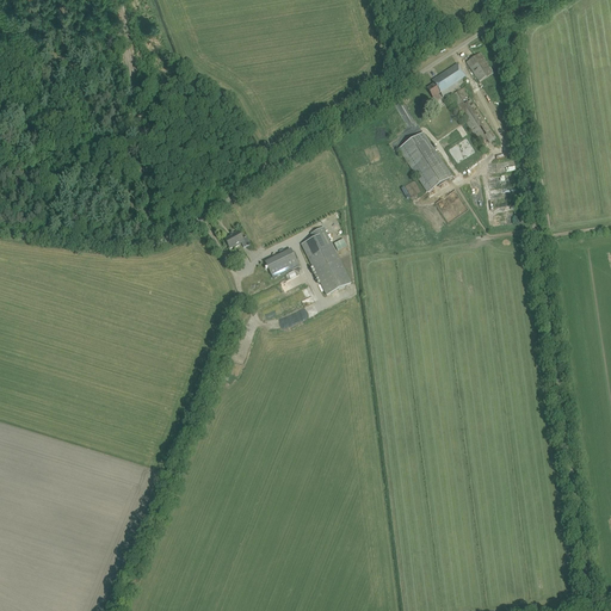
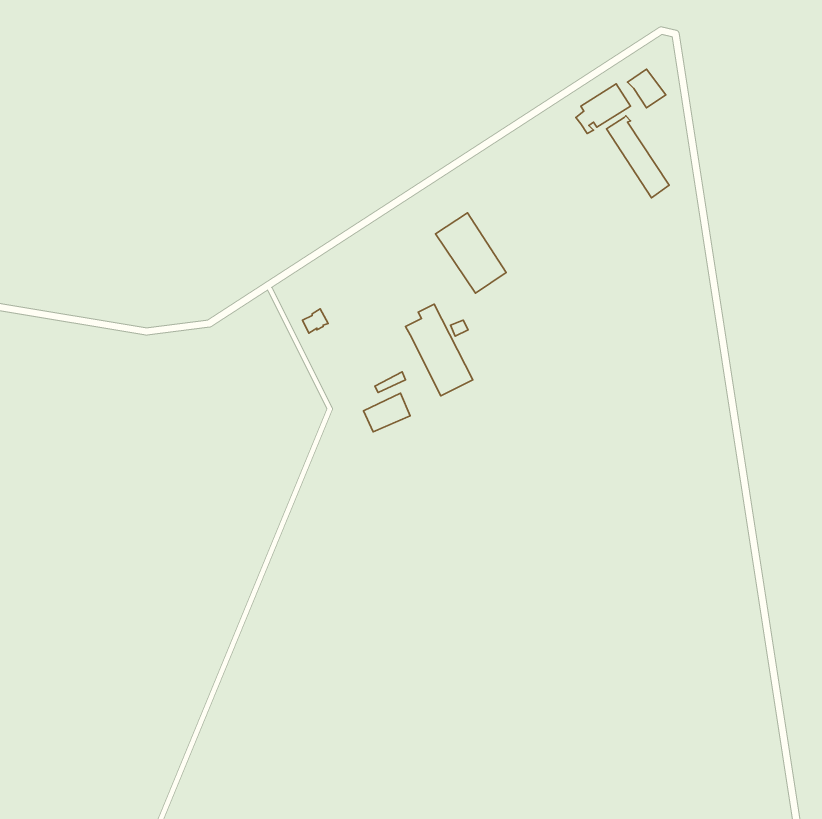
building: [399,131,451,191] -> [435,213,506,293]
building: [265,247,300,276] -> [363,393,410,432]

